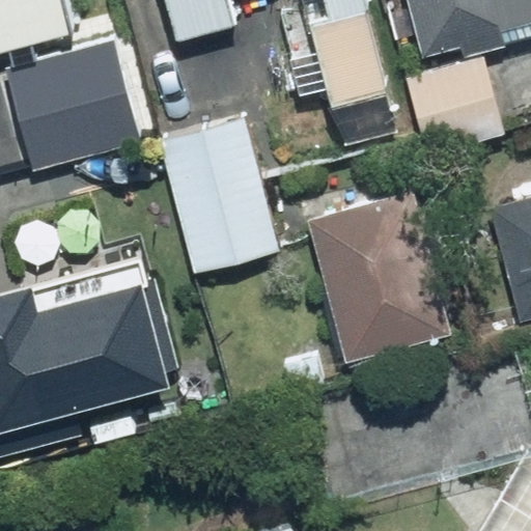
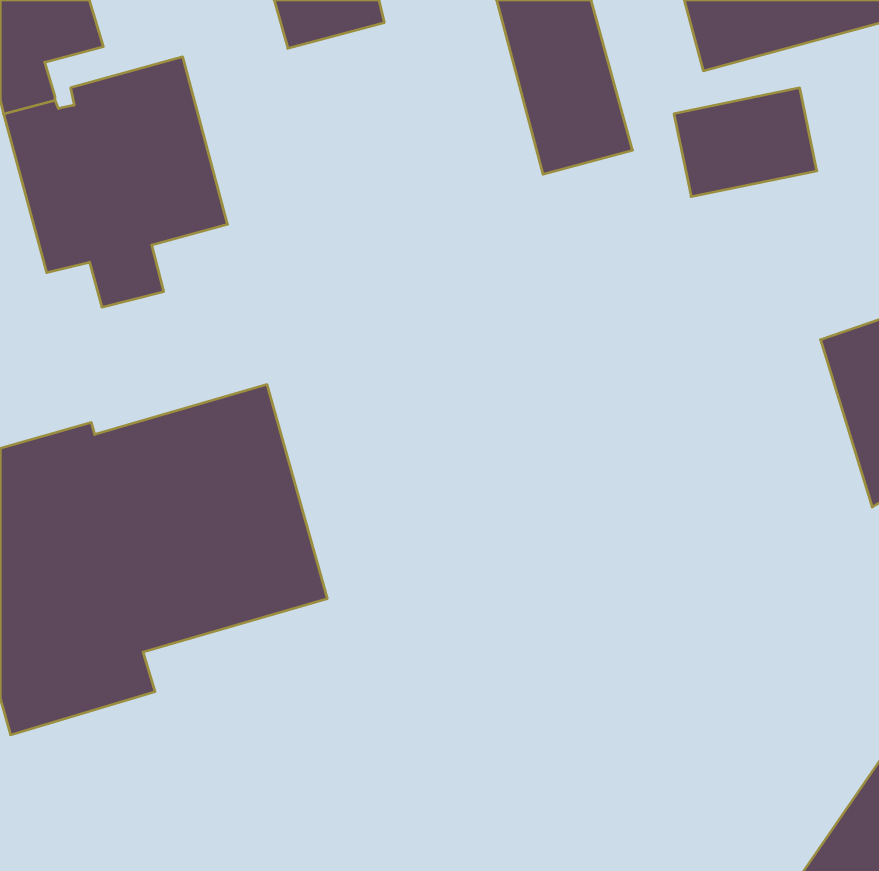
building: [160,120,280,280] -> none
building: [287,196,441,392] -> none

